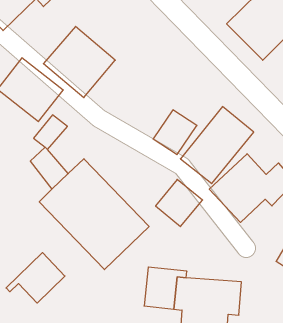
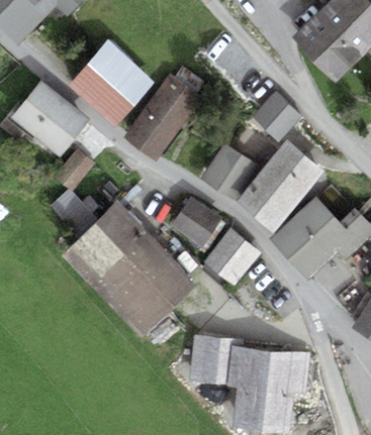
building: none -> [123,74,204,161]
building: none -> [251,91,303,142]
building: none -> [169,195,223,248]
building: [6,253,65,303] -> none

